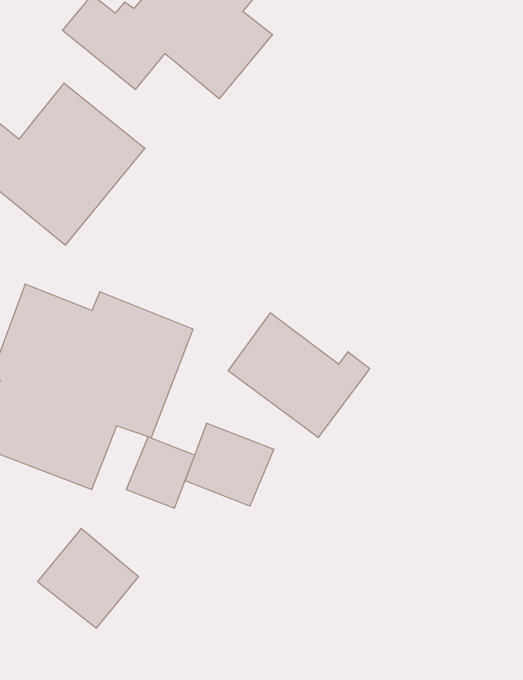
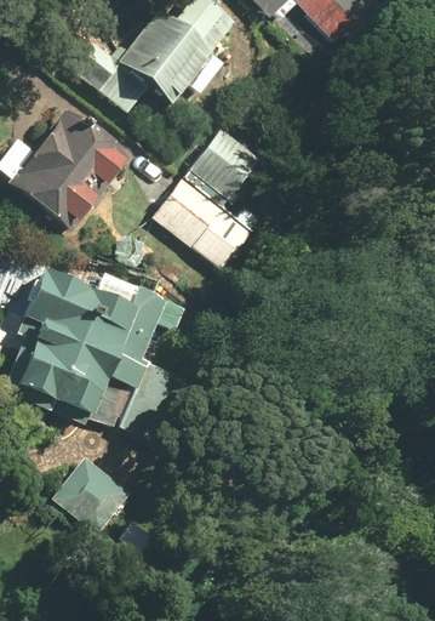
building: none -> [189,129,262,200]
building: [228,313,370,437] -> [151,172,262,269]
building: [185,423,274,506] -> none

